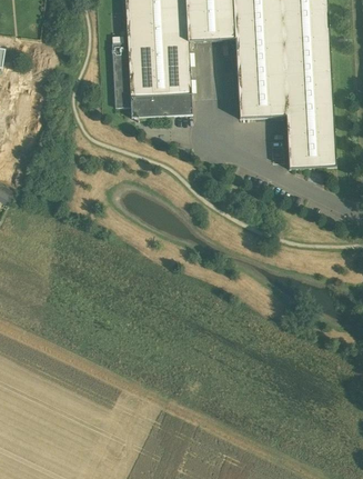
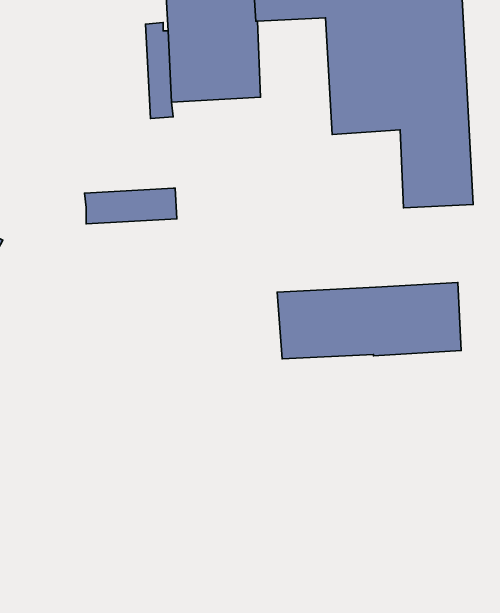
building: [129,92,192,117] -> [84,188,177,224]
building: none -> [277,283,461,359]

